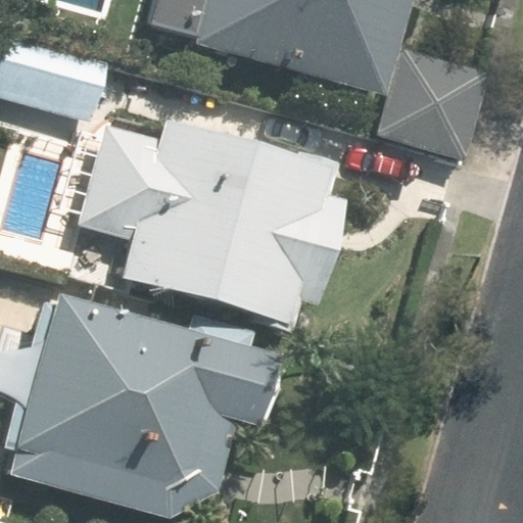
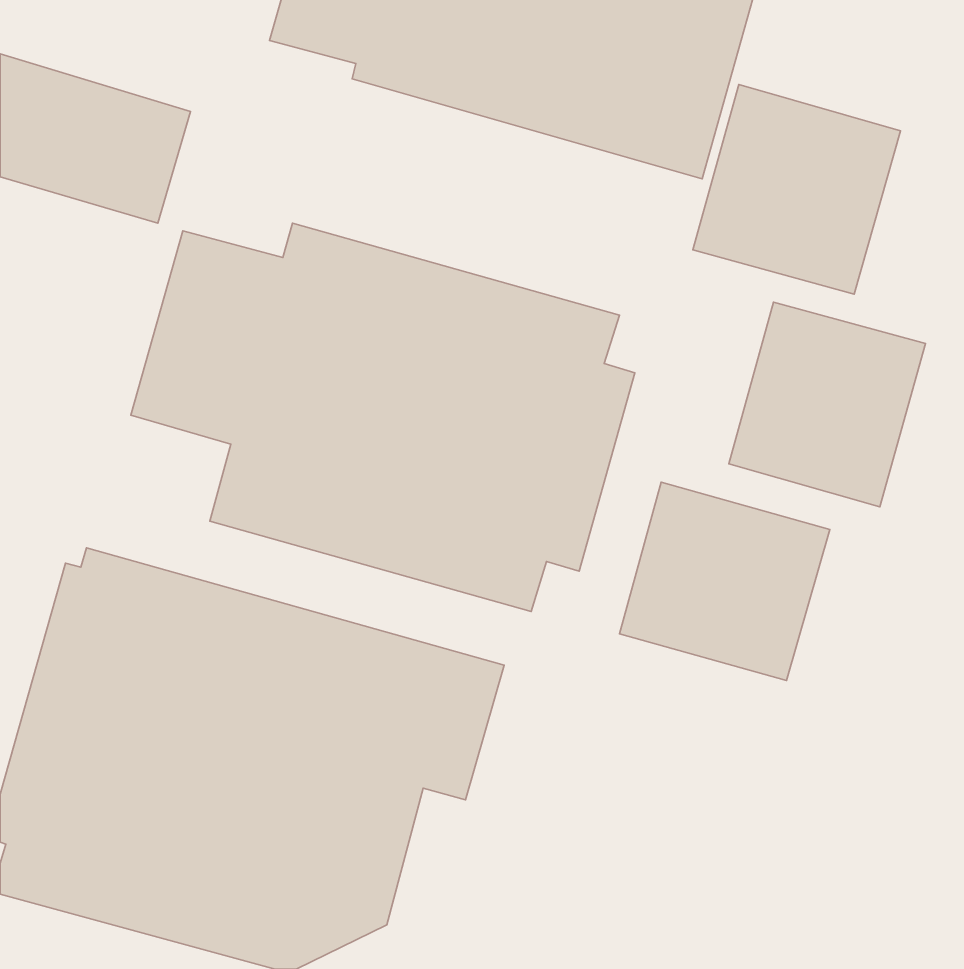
building: none -> [729,302,926,507]
building: none -> [619,482,830,680]

